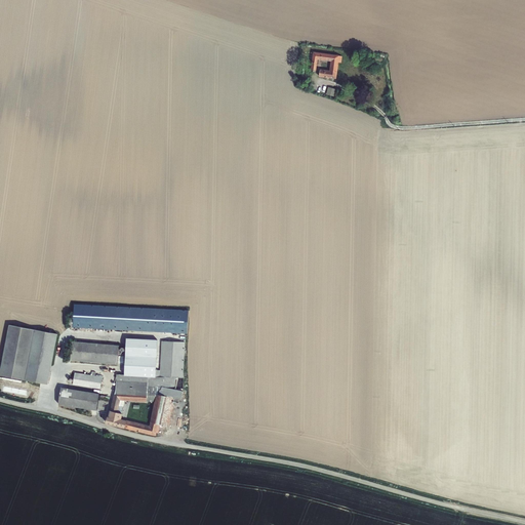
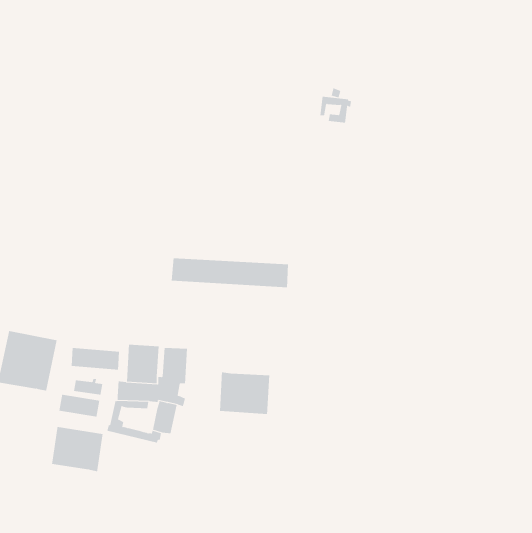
building: [310,51,341,78] -> [320,96,352,123]
building: [72,305,188,334] -> [171,258,289,288]
building: none -> [219,372,270,415]
building: none -> [51,426,103,472]

